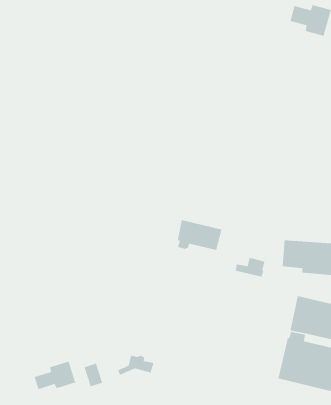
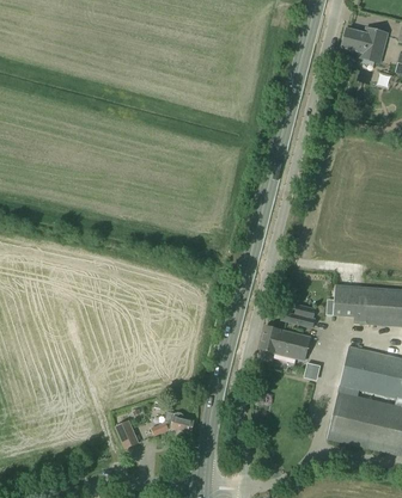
building: [177,219,222,251] -> [261,325,311,359]
building: [34,361,76,390] -> none

